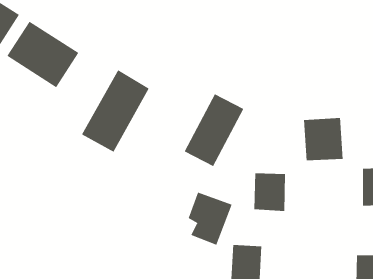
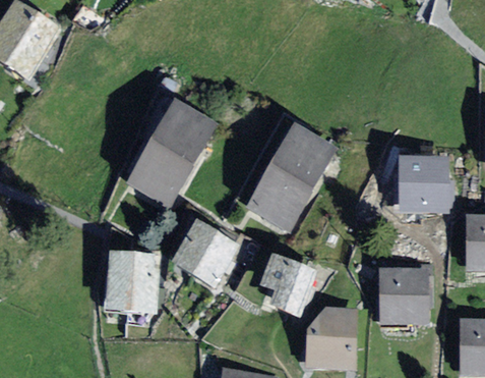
building: [7,21,79,88] -> none
building: none -> [173,224,230,283]
building: [253,173,286,211] -> [381,274,420,320]
building: none -> [110,259,153,310]

